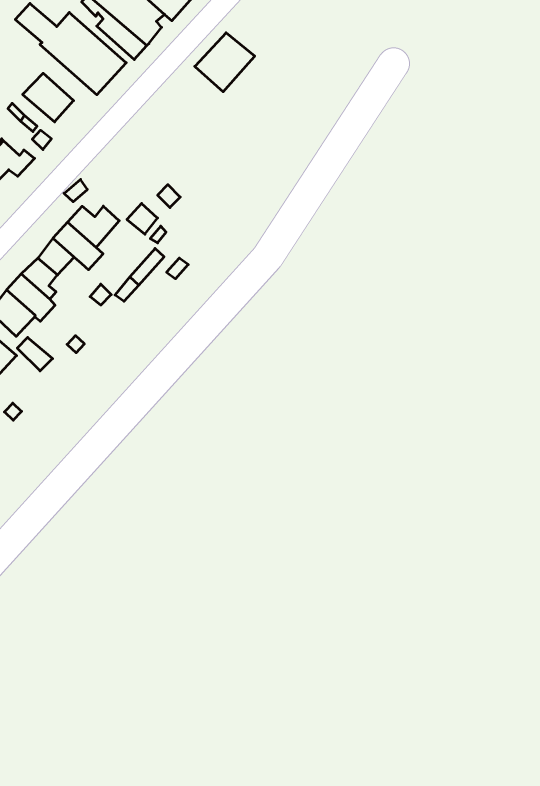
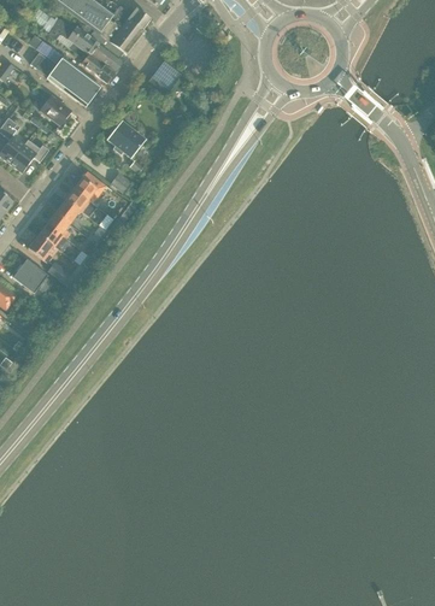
building: none -> [107,120,143,155]

